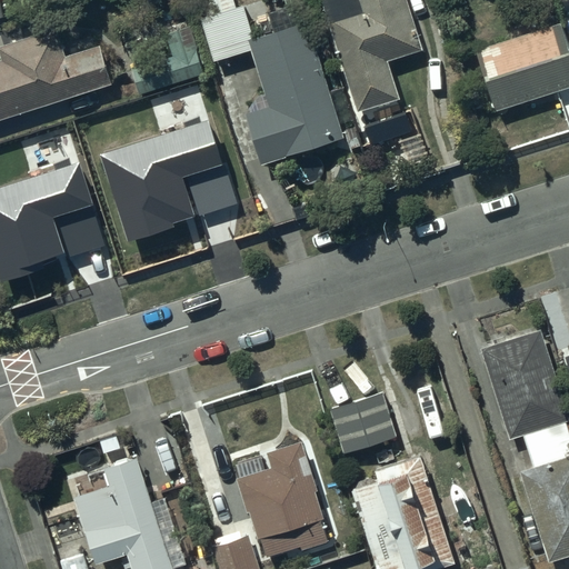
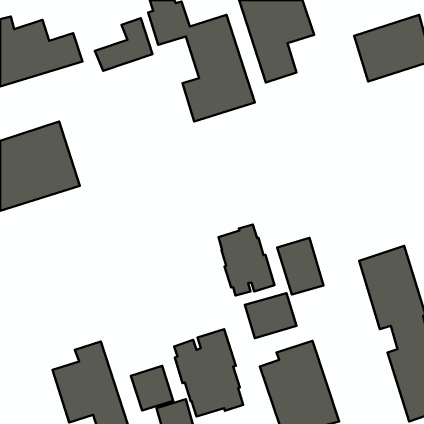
building: [104,123,240,243] -> none
building: none -> [218,224,275,295]
building: none -> [277,238,324,295]
building: none -> [131,366,173,410]

